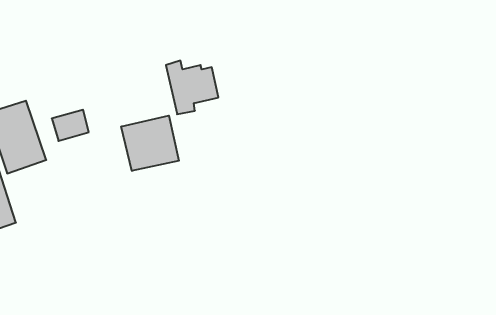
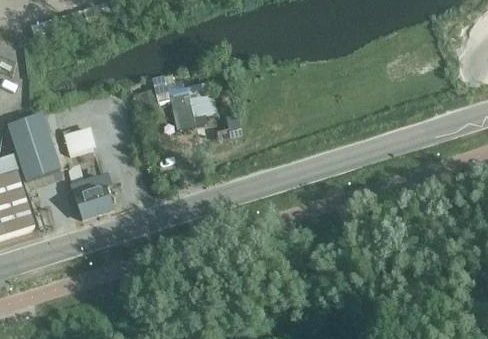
building: [121,116,179,171] -> none
building: none -> [72,174,113,216]

